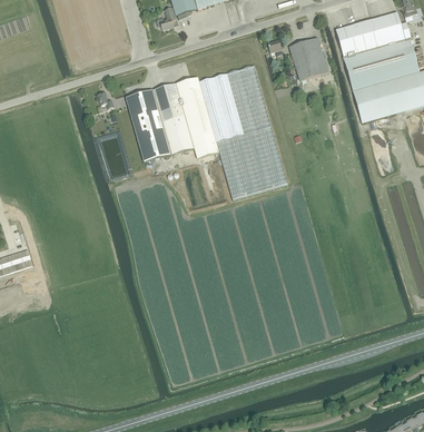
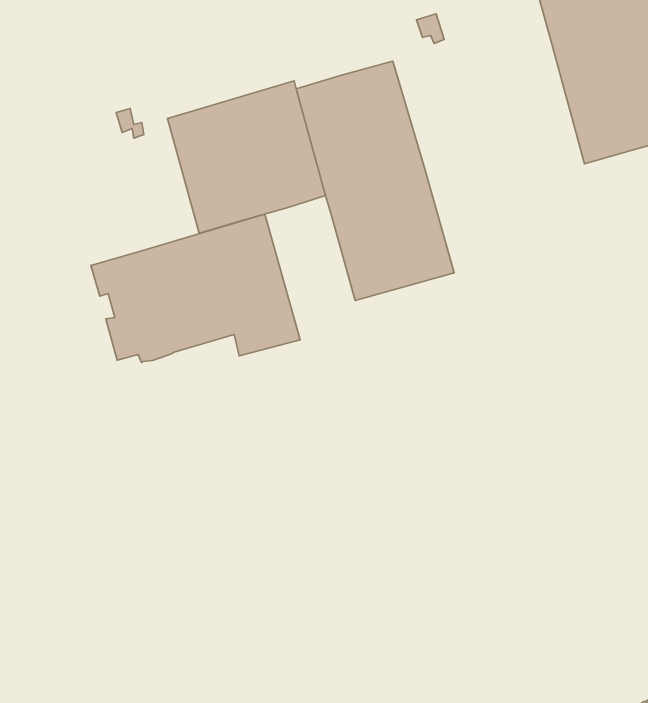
building: [289,37,328,79] -> none
building: none -> [91,214,300,363]

